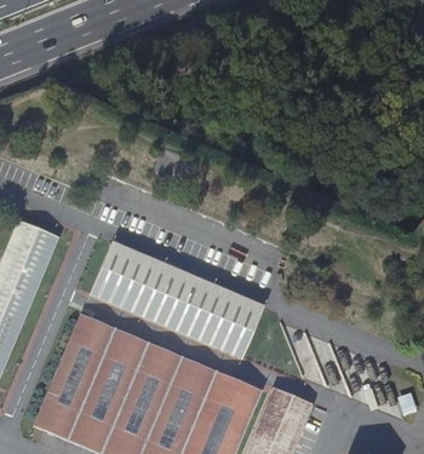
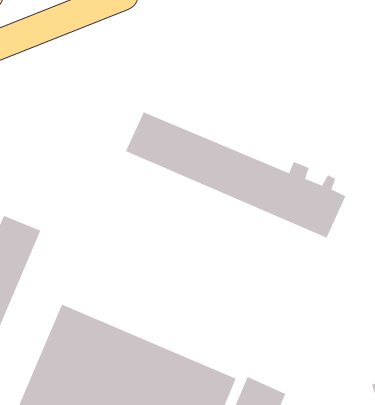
building: none -> [125,111,346,239]
building: [91,242,262,357] -> none

